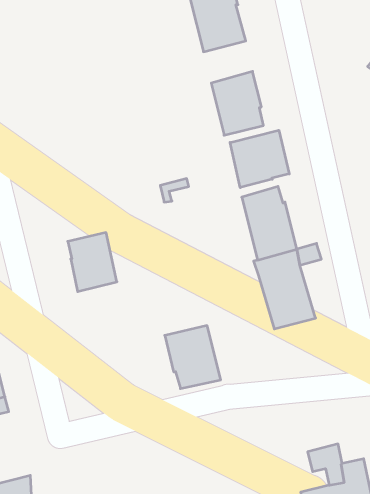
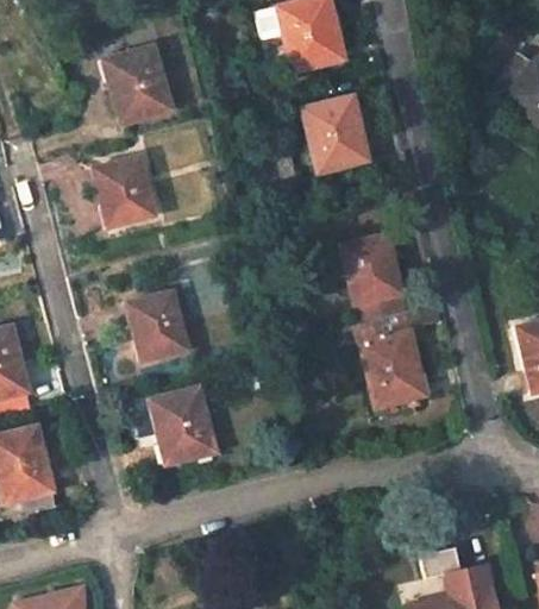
building: none -> [104,44,171,124]
building: none -> [92,156,155,227]
building: [230,130,289,188] -> none
building: [165,326,221,389] -> [149,387,217,463]

